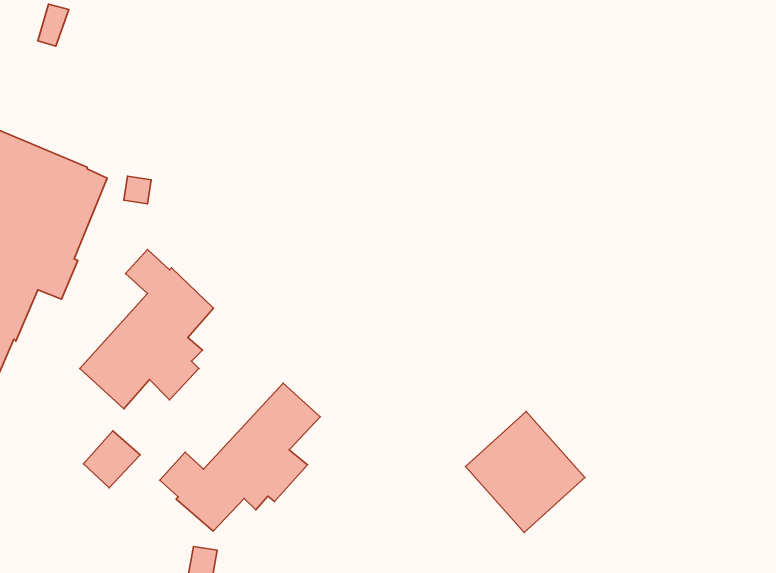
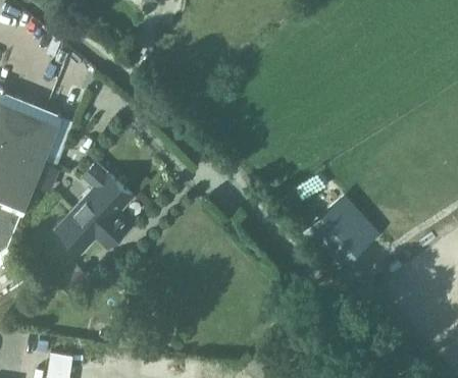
building: [160,383,320,531] -> none
building: [466,411,585,532] -> [306,202,372,269]

